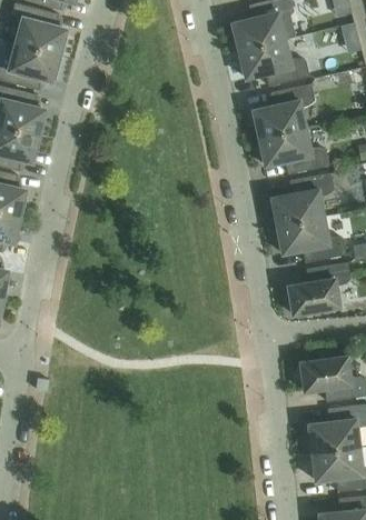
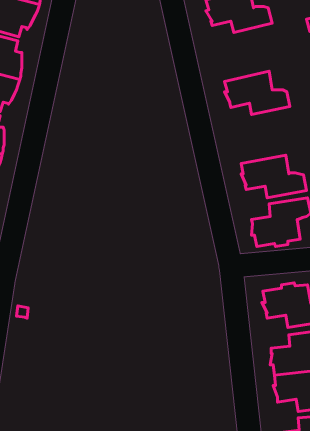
building: [254,84,316,139] -> none
building: [273,173,335,227] -> none

